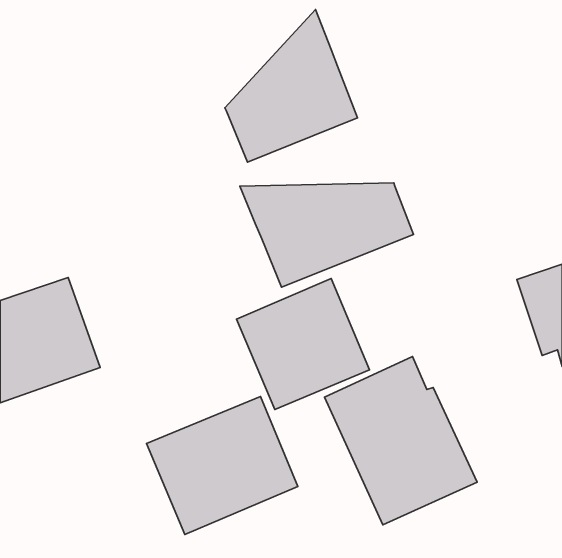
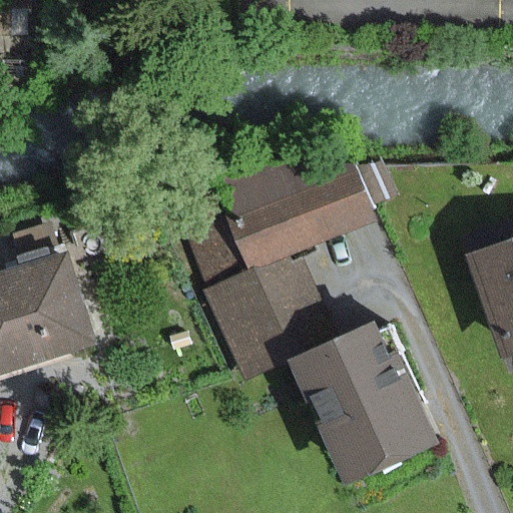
building: [225,9,358,162] -> none
building: [147,396,298,534] -> none

